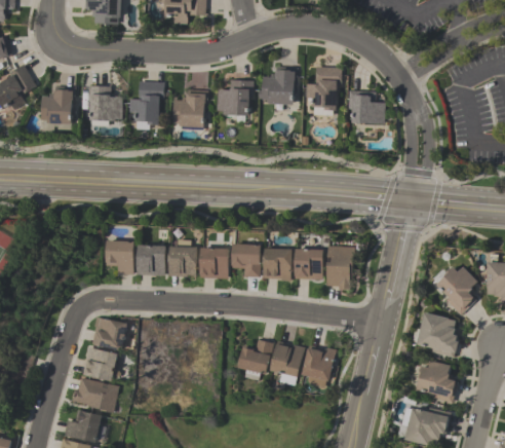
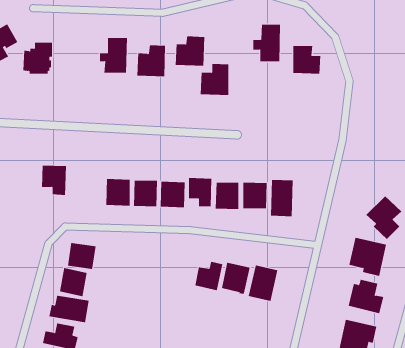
building: [262,66,296,103] -> [200,63,229,95]
building: [89,85,122,120] -> none
building: [105,239,134,274] -> [41,165,67,195]

